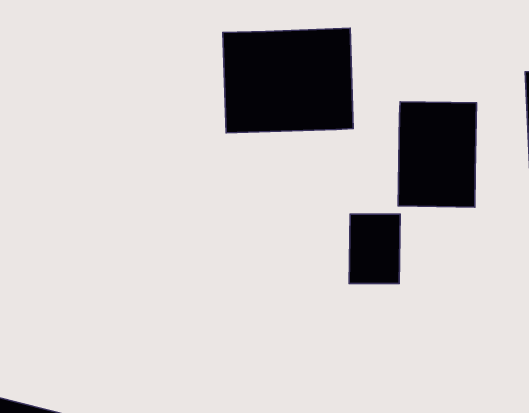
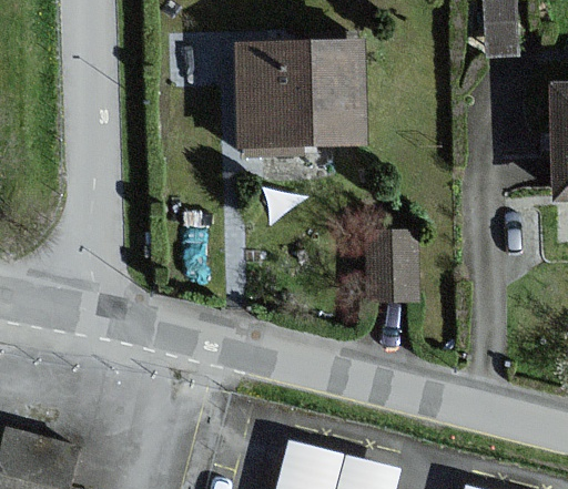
building: [398,102,477,207] -> none

